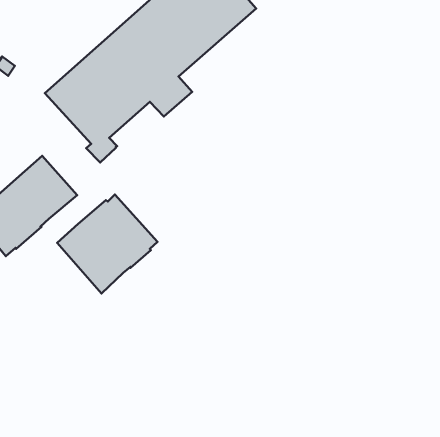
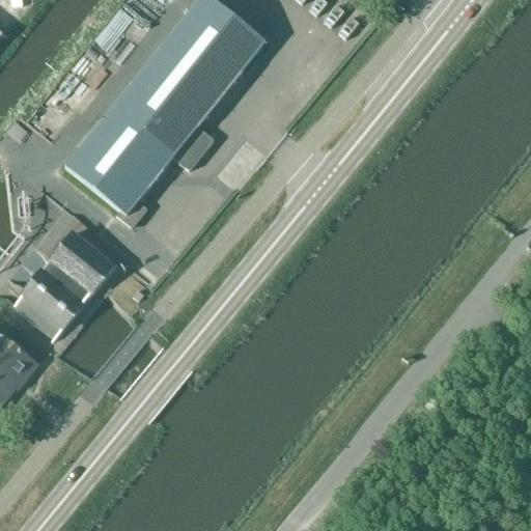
building: [57,195,158,294] -> none

